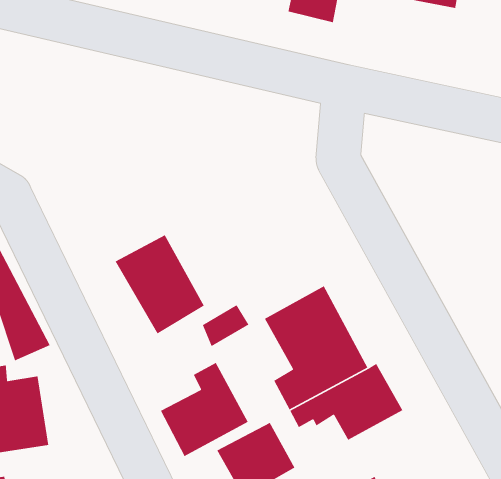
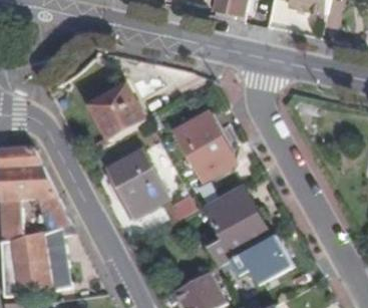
building: none -> [93,85,148,140]
building: none -> [176,114,235,179]
building: [160,362,249,457] -> none

